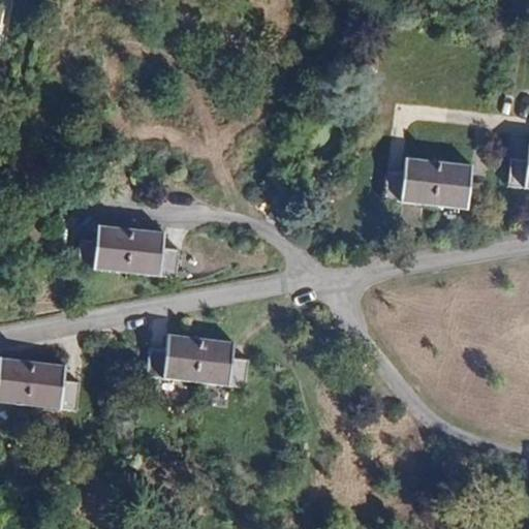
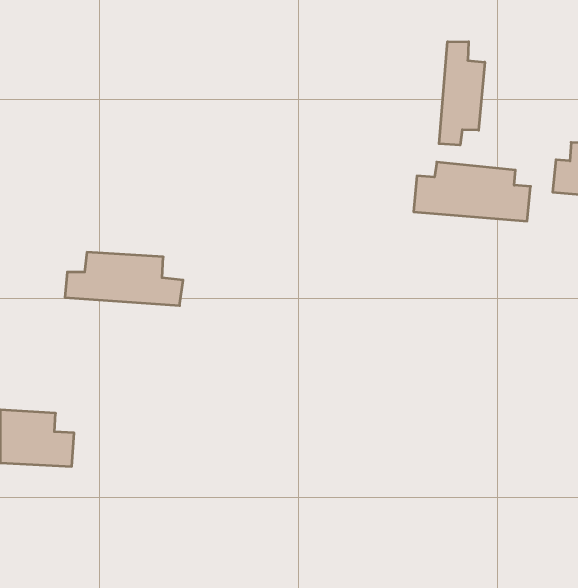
building: none -> [439,42,485,145]
building: [150,336,251,385] -> none

